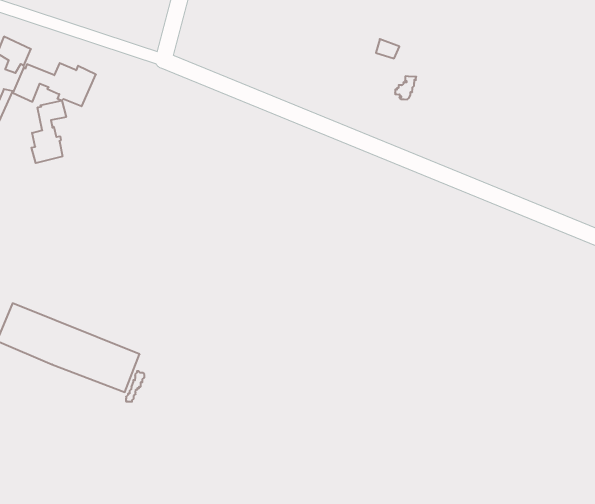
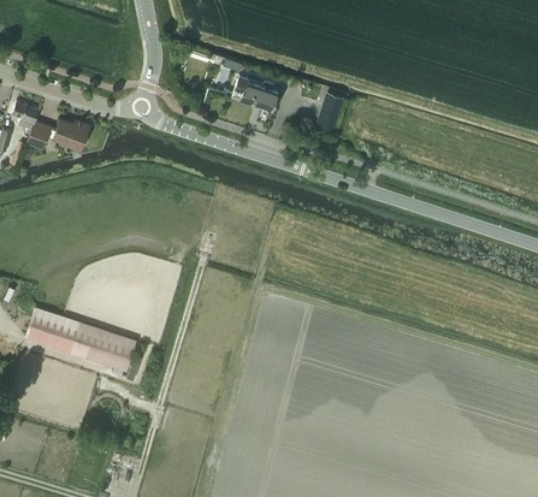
building: none -> [233,73,278,111]
building: [31,100,66,163] -> none

